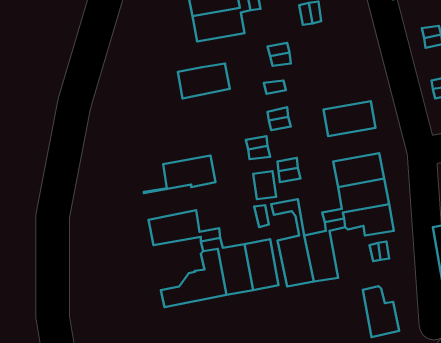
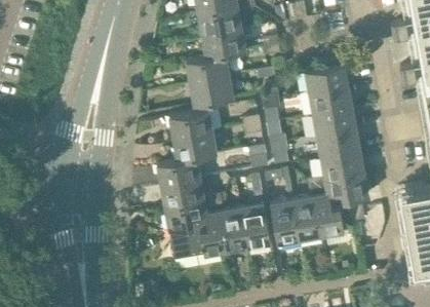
building: none -> [202,31,246,60]
building: none -> [305,66,349,95]
building: none -> [190,78,234,109]
building: none -> [313,111,356,140]
building: none -> [169,112,213,142]
building: none -> [157,159,201,189]
building: none -> [165,203,208,248]
building: [363,286,399,337] -> [314,195,345,238]

